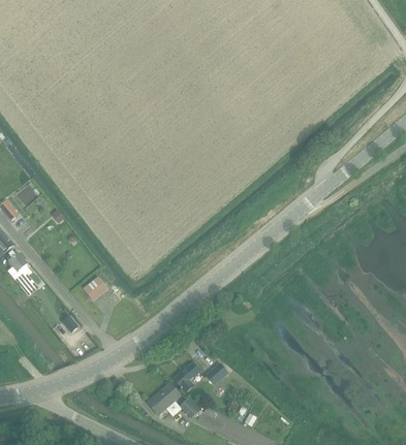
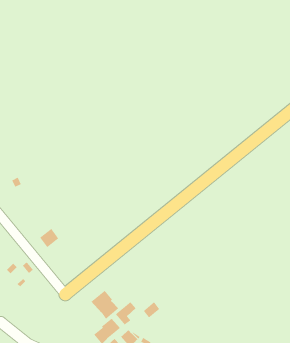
building: none -> [90,290,119,320]

